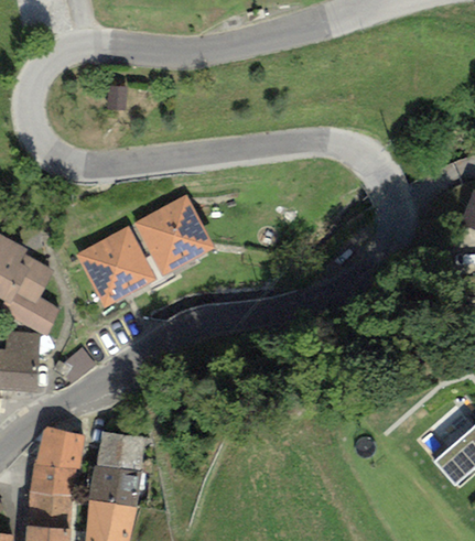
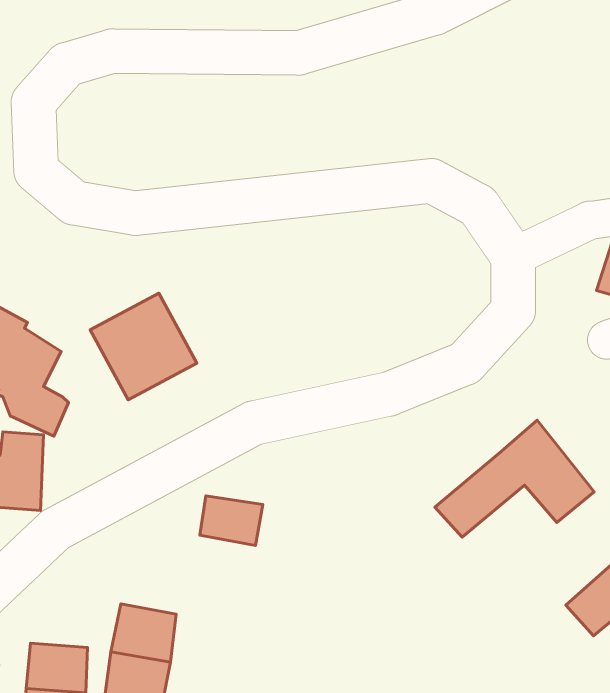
building: [133,195,215,278] -> none
building: none -> [435,420,594,537]
building: [30,426,85,495] -> none
building: [98,432,145,469] -> [200,496,263,545]

